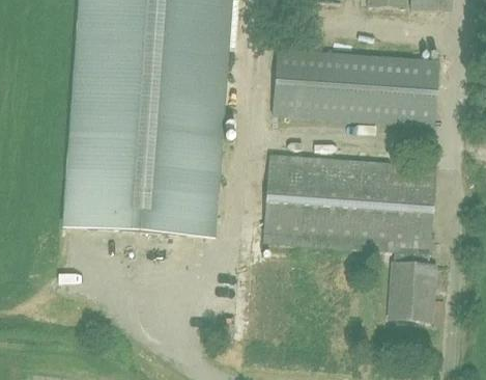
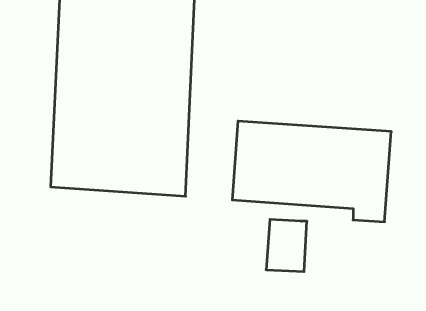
building: [273,50,439,126] -> none
building: [392,263,436,320] -> [266,219,307,272]

